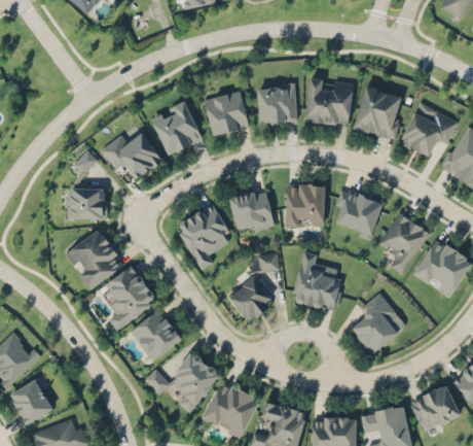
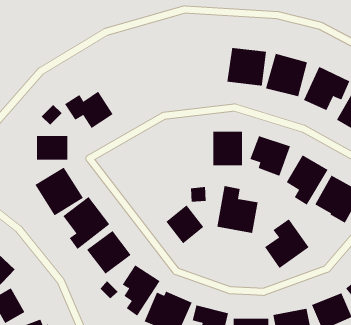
building: [257,83,297,124] -> none
building: [204,91,250,137] -> none
building: [150,101,204,156] -> none
building: [228,188,275,232] -> none
building: [175,204,233,270] -> none

